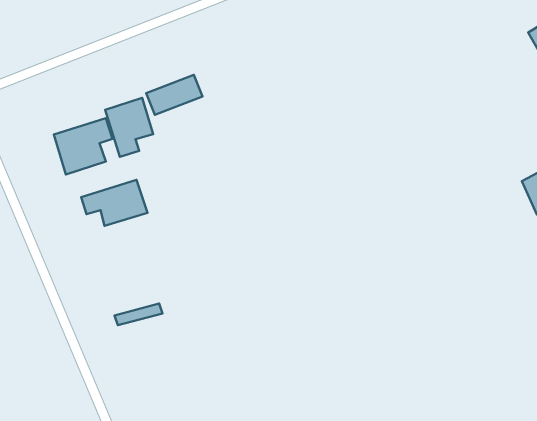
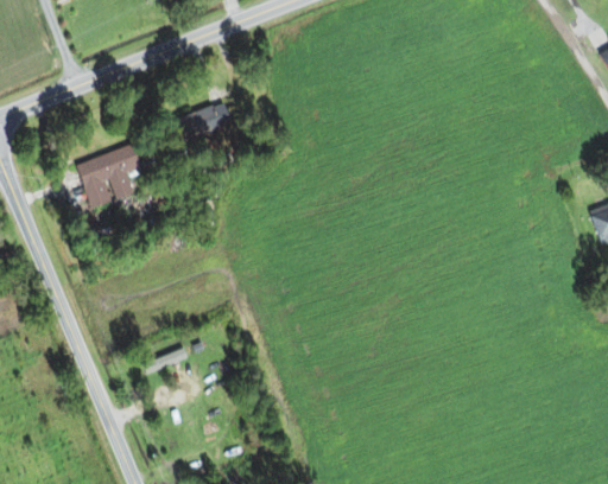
building: [105,98,153,157] -> none
building: [81,180,148,226] -> none

